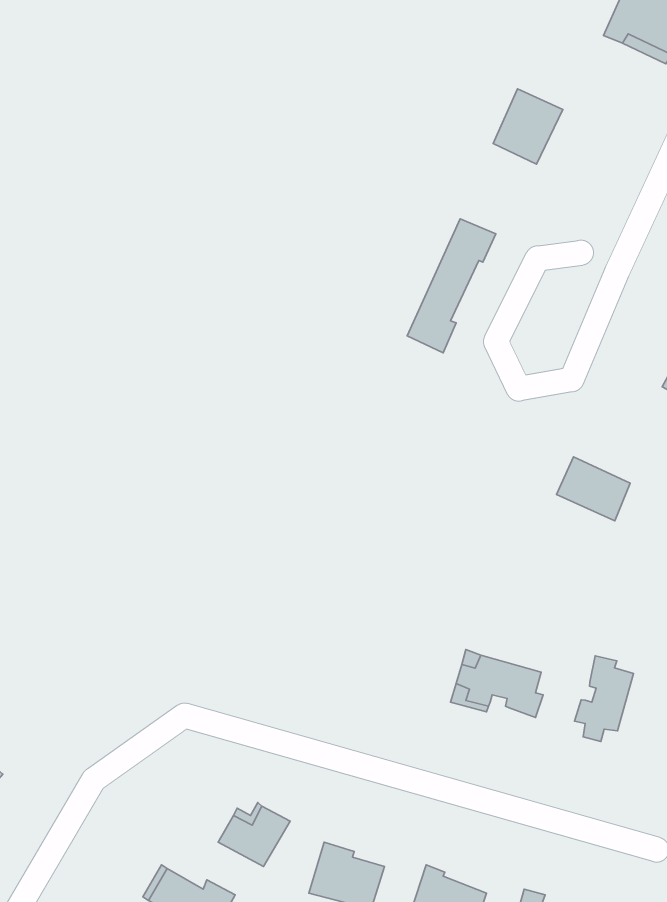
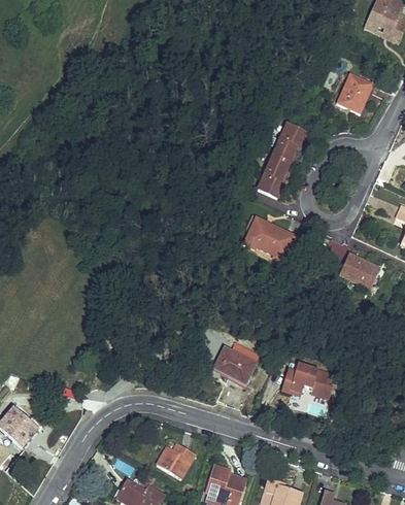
building: [493,89,563,164] -> [336,73,374,114]
building: none -> [244,217,296,262]
building: none -> [213,348,256,385]
building: [575,656,634,742] -> none

